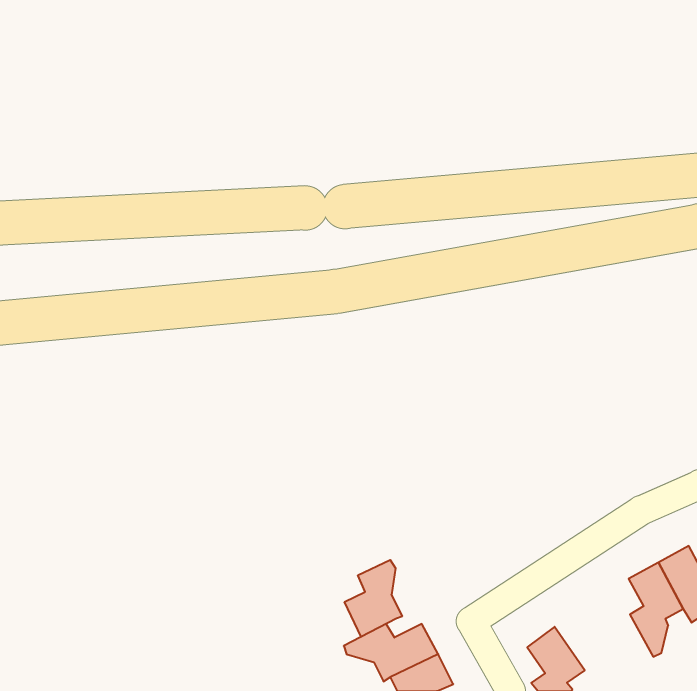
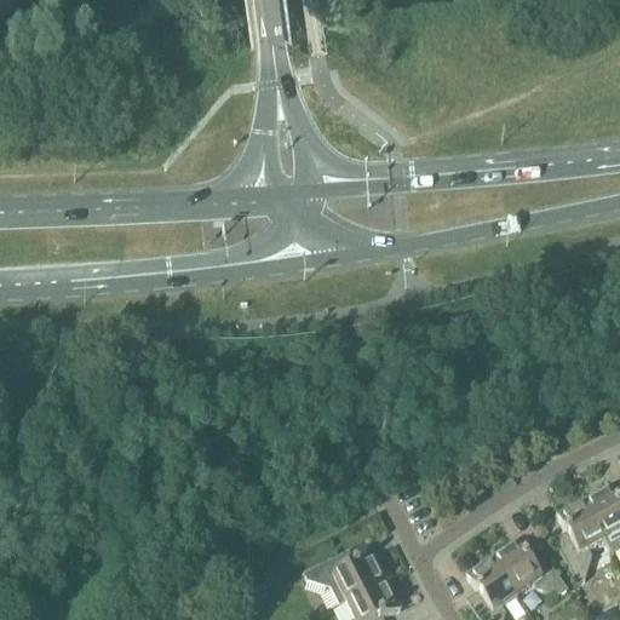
building: [345,560,402,637] -> none
building: none -> [493,538,570,593]

